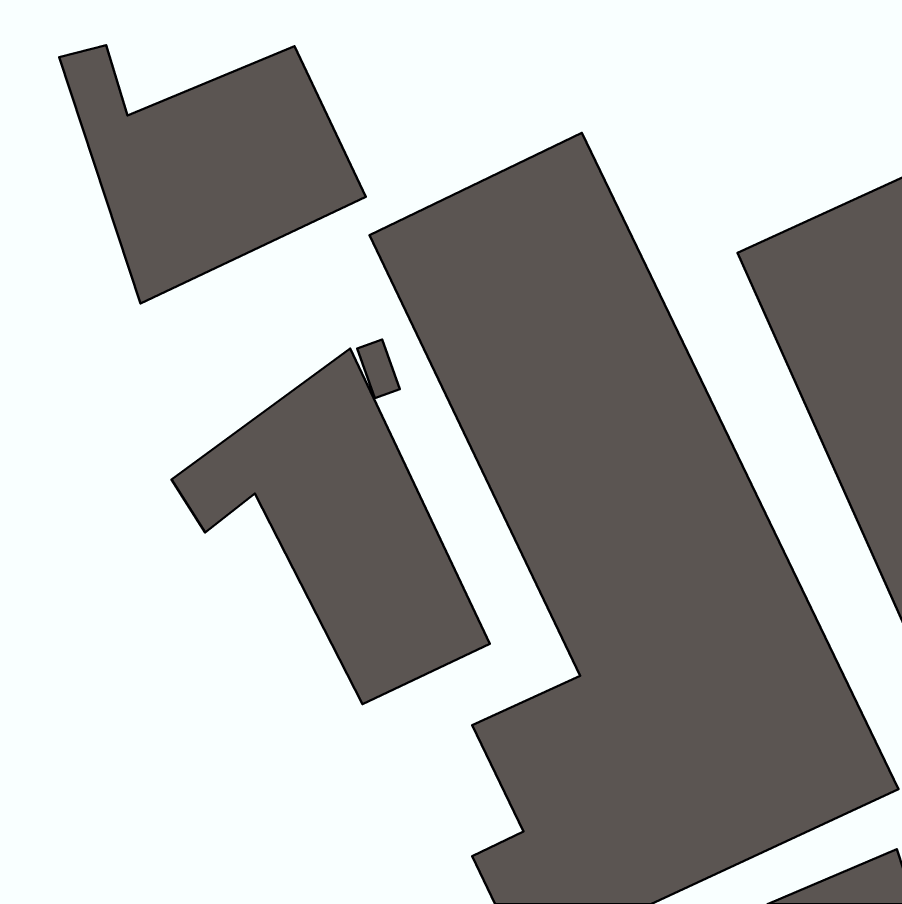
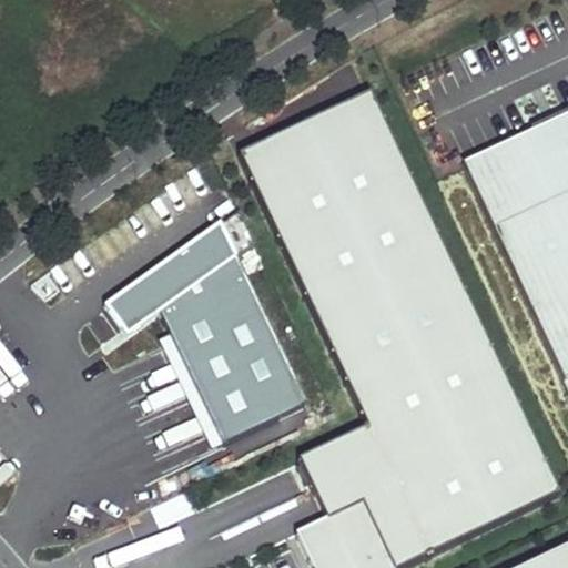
building: [59,45,366,304] -> none

